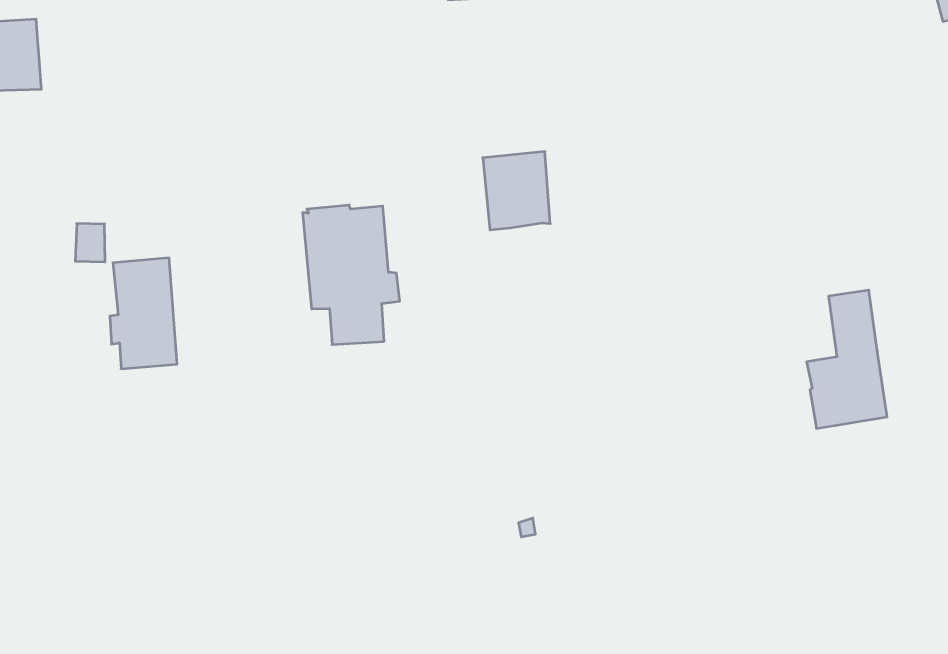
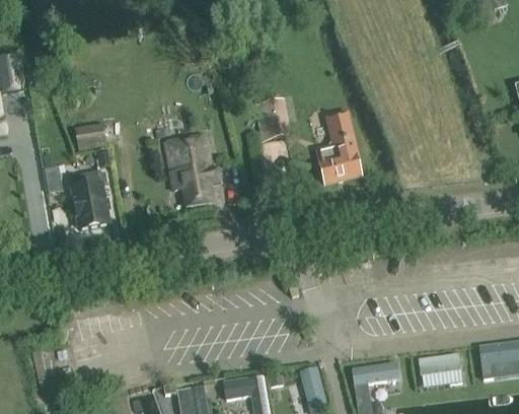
building: none -> [77,122,110,150]
building: [807,290,887,428] -> [320,110,364,183]

